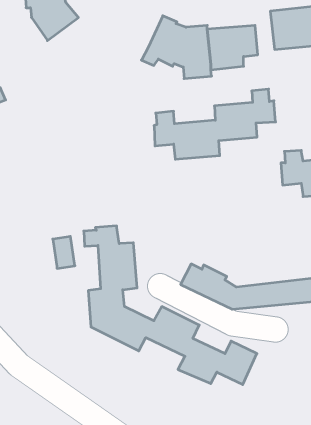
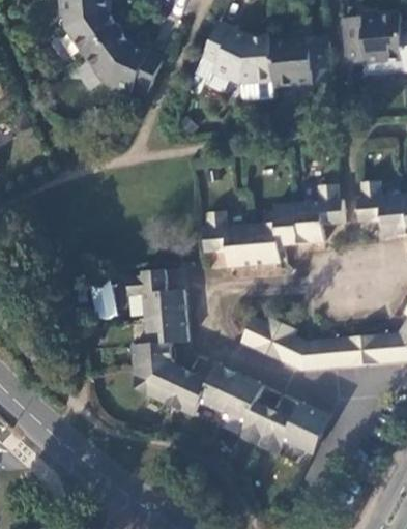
building: none -> [84,27,165,95]
building: [154,89,276,159] -> [203,185,345,267]

